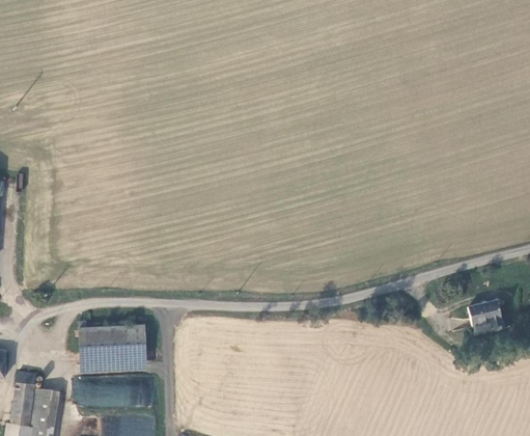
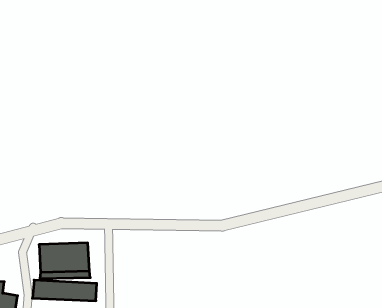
building: [470,304,504,331] -> none

